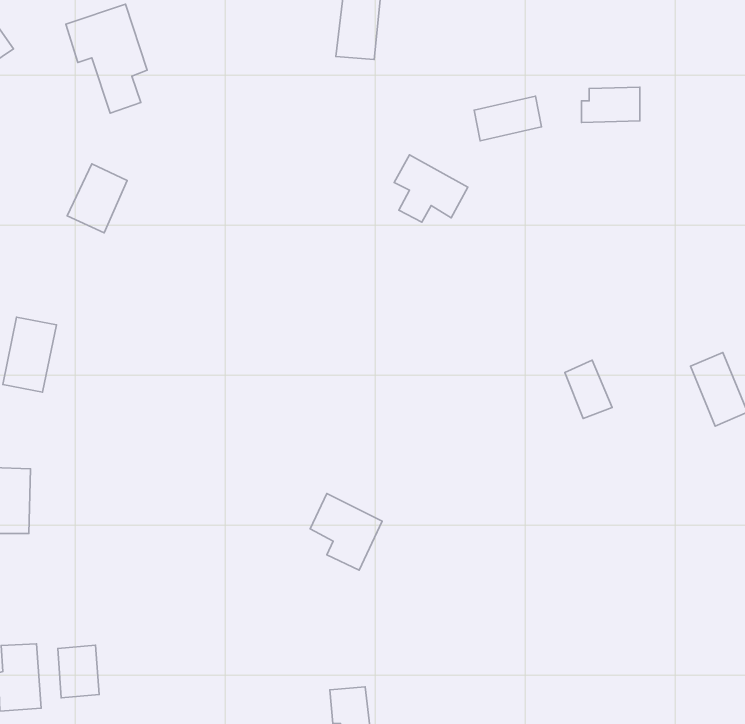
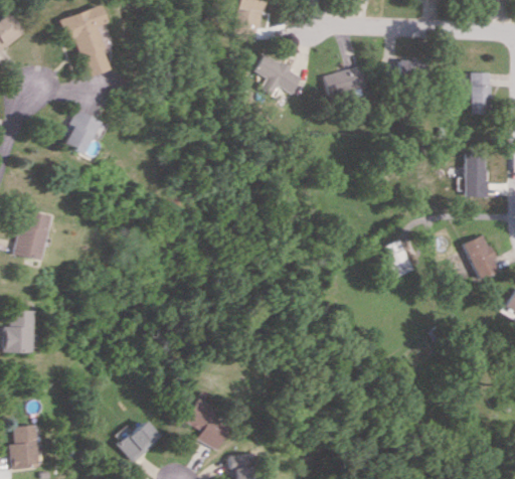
building: none -> [472,71,493,114]
building: [394,155,468,222] -> [253,53,302,98]
building: none -> [466,153,489,196]
building: [310,494,382,570] -> [184,400,231,450]
building: none -> [119,420,161,461]
building: [58,645,99,698] -> none

